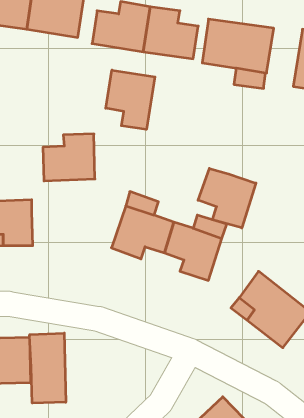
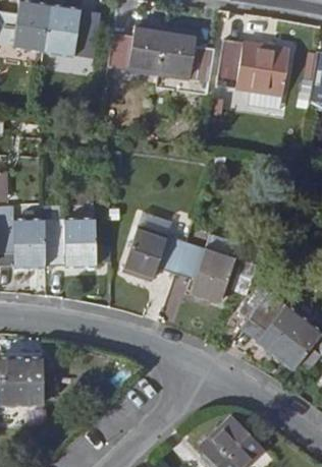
building: [106,70,155,129] -> none
building: [43,134,95,181] -> [44,219,96,266]
building: [198,168,256,228] -> none
building: [30,333,66,403] -> none

